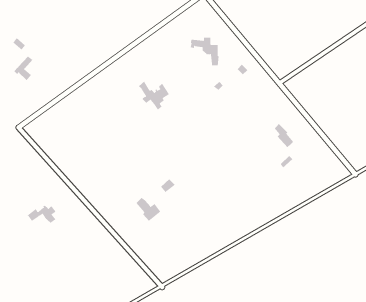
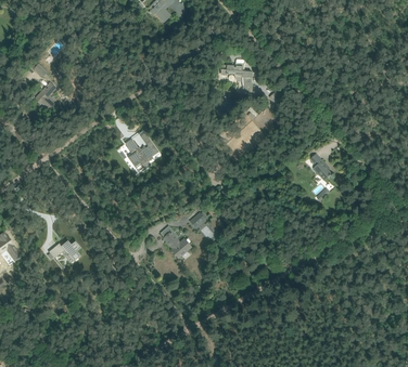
building: [138,81,170,111] -> [124,137,157,169]

